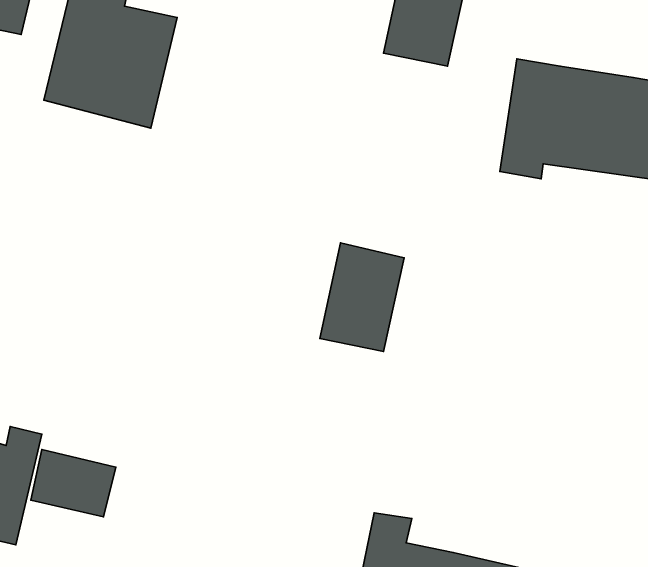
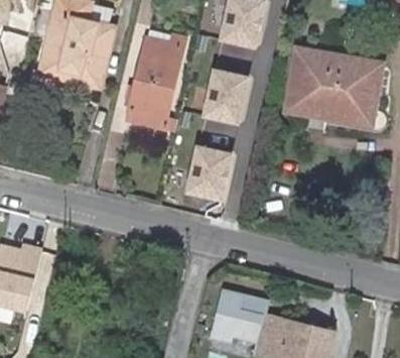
building: none -> [129,35,182,125]
building: none -> [208,72,253,129]
building: [31,450,116,517] -> none

